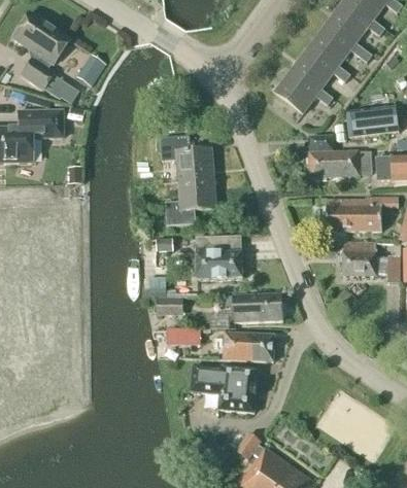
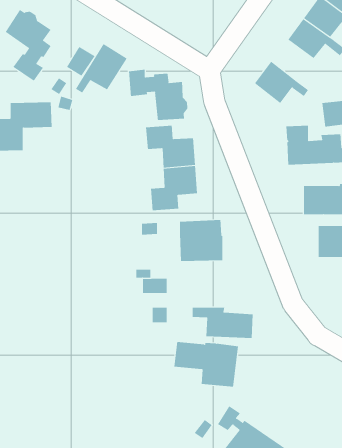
building: [293,44,350,89] -> none
building: none -> [75,43,128,94]
building: none -> [128,69,188,121]
building: [233,293,282,321] -> none

